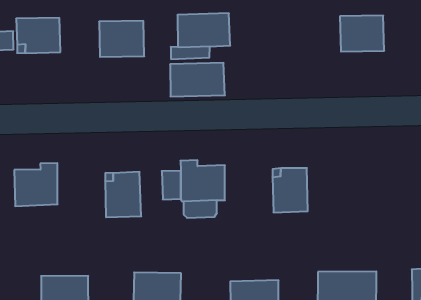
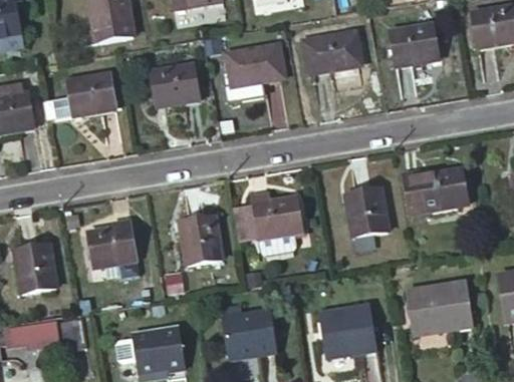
building: [170,63,225,96] -> [304,31,363,72]
building: none -> [402,168,468,213]

